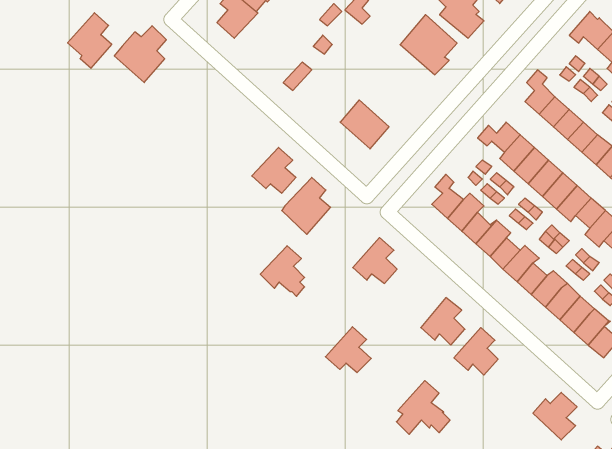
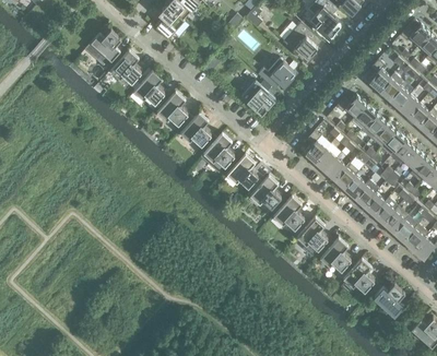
building: [68,13,112,68] -> [109,50,140,88]
building: none -> [257,59,297,90]
building: none -> [133,71,164,104]
building: none -> [156,92,187,124]
building: [260,246,305,296] -> [226,155,257,190]
building: [325,327,371,373] -> [272,197,304,228]
building: [396,381,450,434] -> [341,259,378,296]

